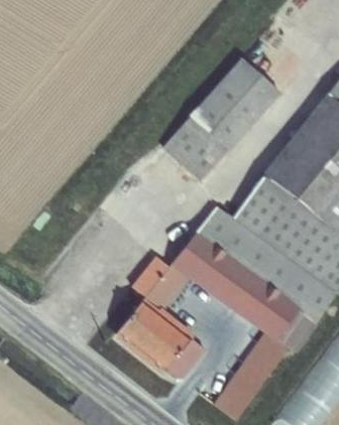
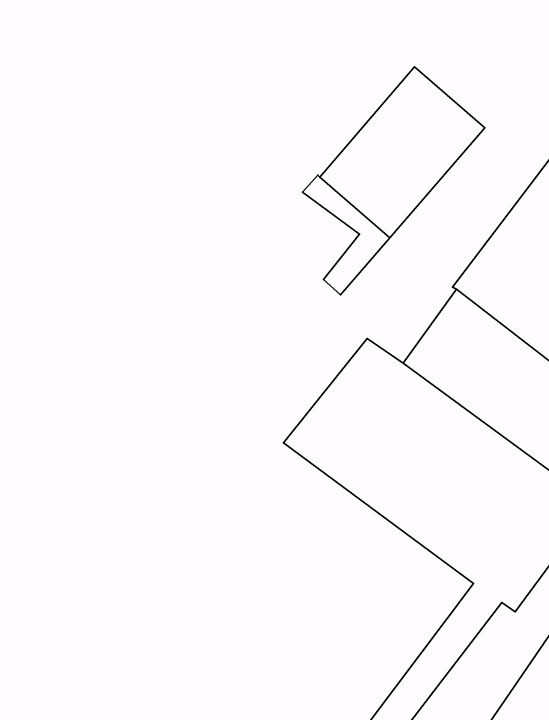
building: [161,130,211,176] -> none
building: [111,270,199,379] -> none

